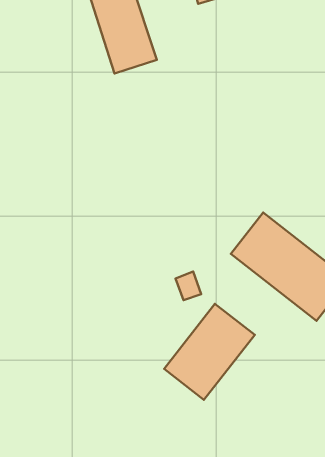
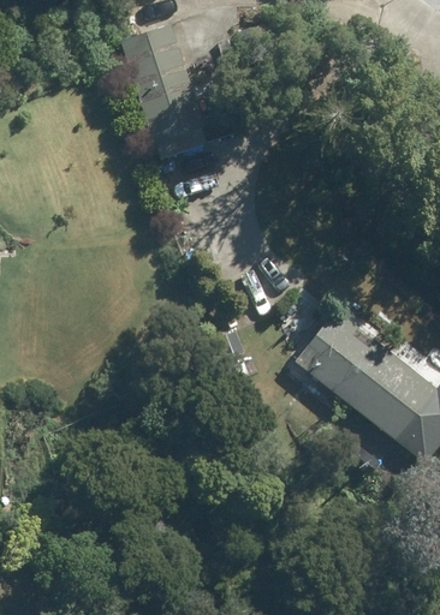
building: [164,304,255,400] -> none

